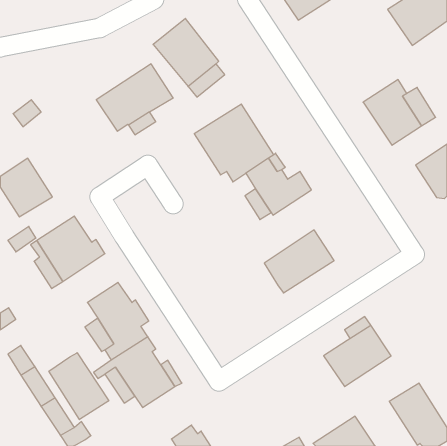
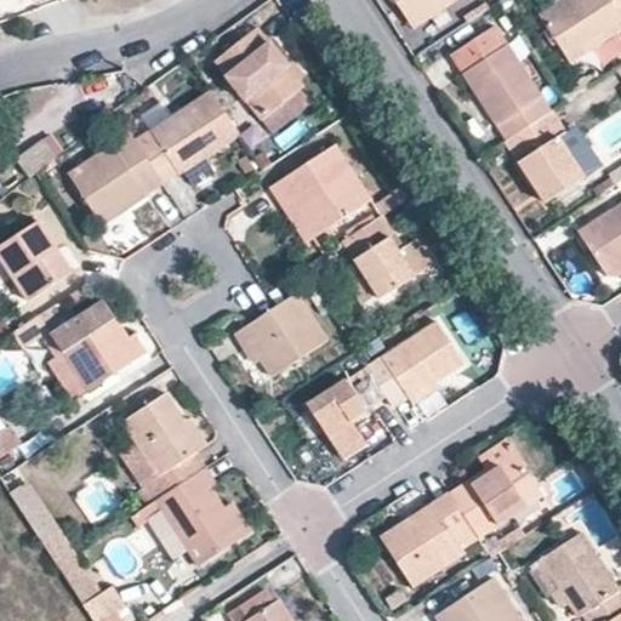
building: none -> [448,23,542,126]
building: none -> [67,132,163,224]
building: none -> [233,292,327,377]
building: none -> [306,365,386,457]
building: [49,353,109,420] -> none
building: none -> [378,491,478,586]

